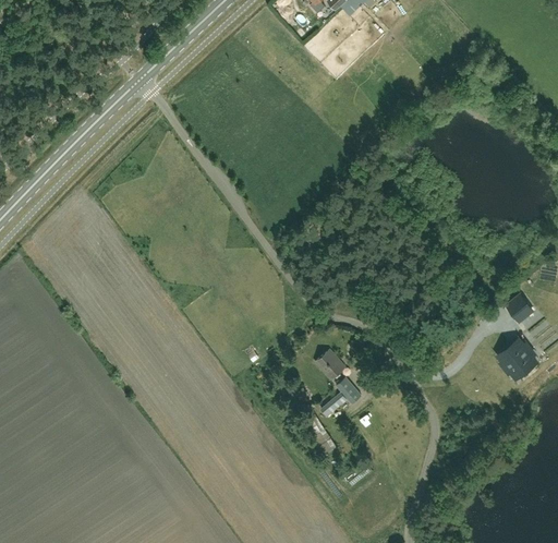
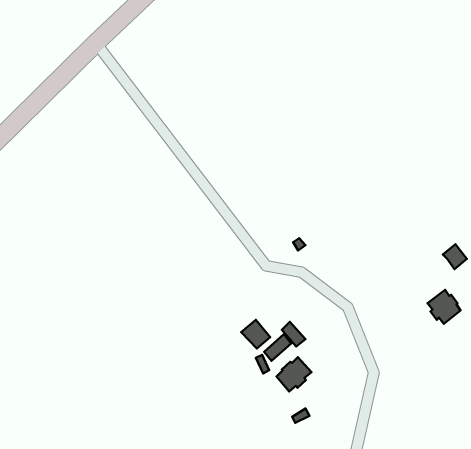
building: [316,348,347,378] -> [241,320,270,349]
building: none -> [277,357,311,391]

